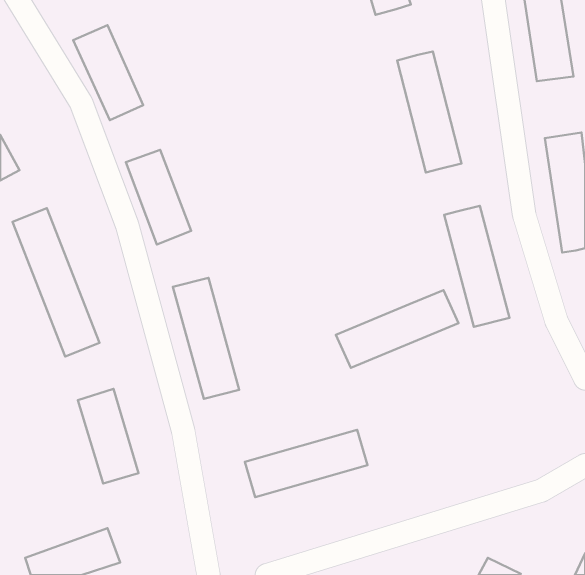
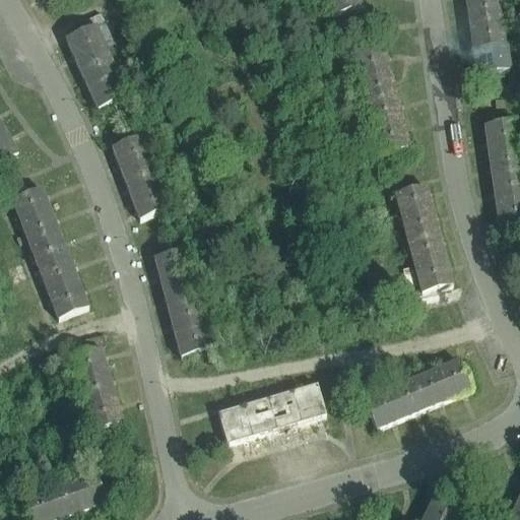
building: [336,290,458,368] -> [363,358,471,427]

